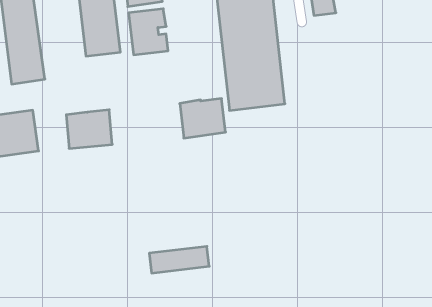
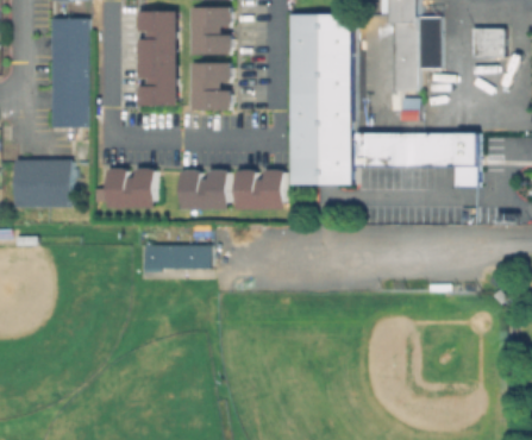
building: none -> [361,134,481,187]
building: none -> [180,169,229,209]
building: [149,246,209,273] -> [143,244,208,266]

